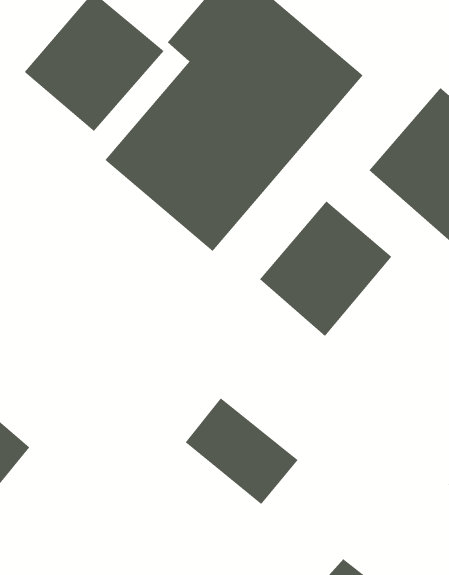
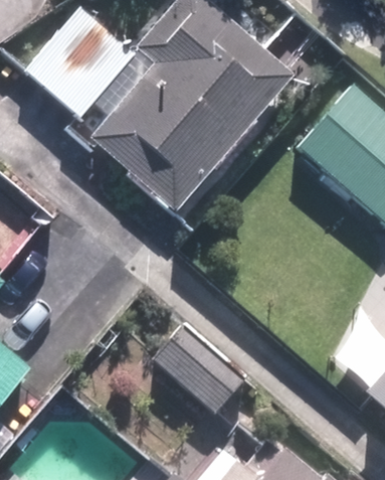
building: [259,200,392,337] -> none

